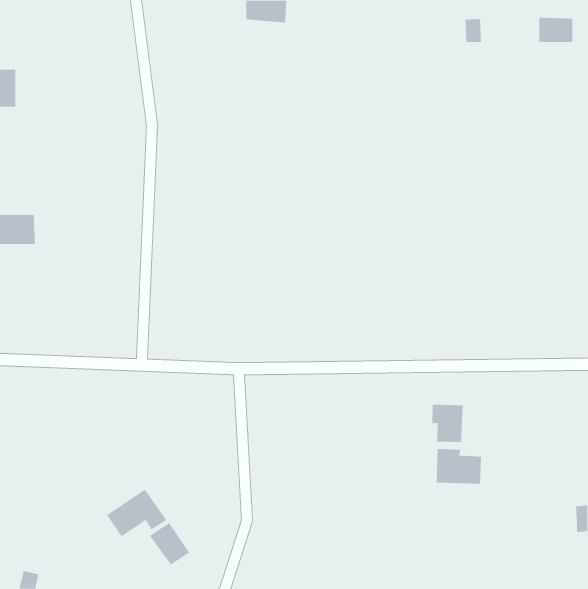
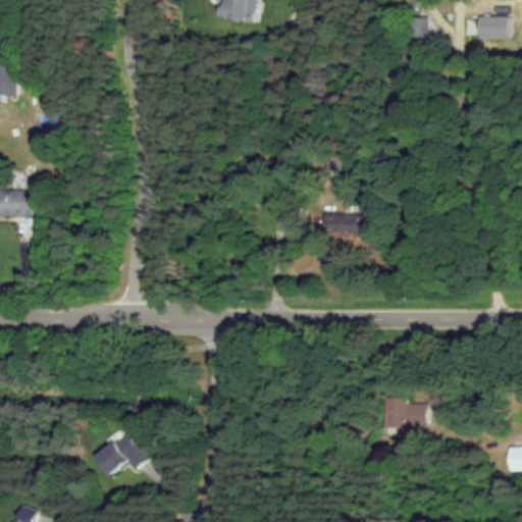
building: none -> [322,212,368,236]
building: [432,404,463,443] -> none
building: [149,522,190,565] -> none

